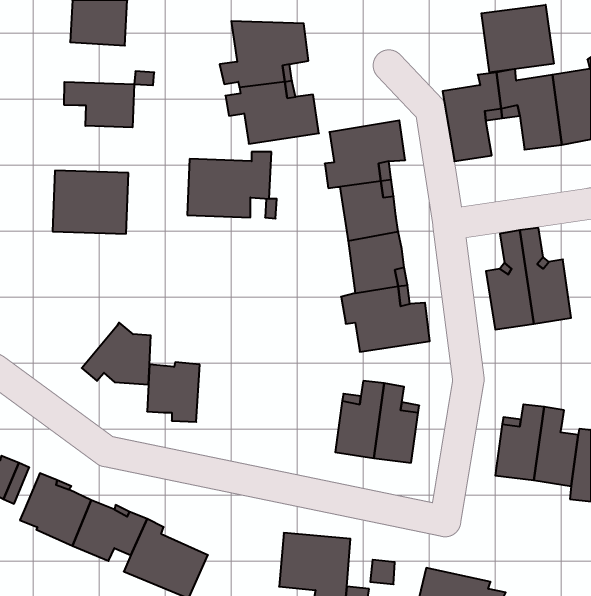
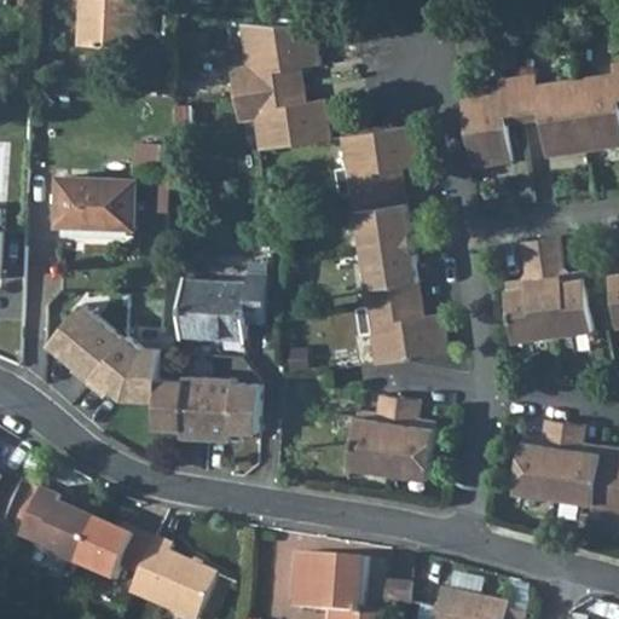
building: [481,5,554,72] -> none
building: [64,82,134,127] -> none
building: [187,152,271,217] -> [179,272,266,340]
building: none -> [46,303,121,382]
building: none -> [203,378,258,440]

